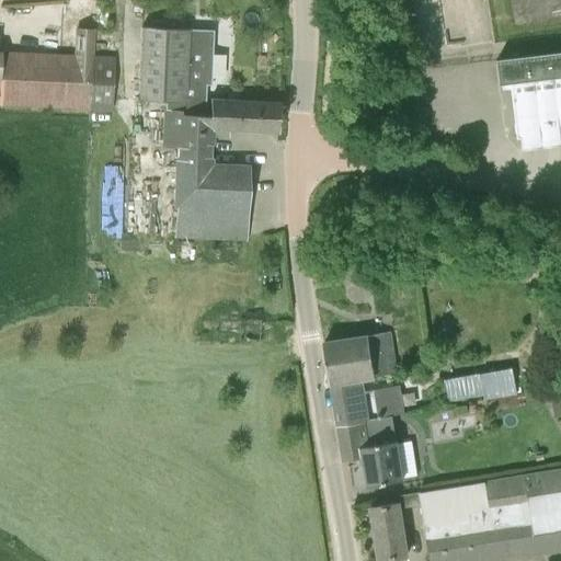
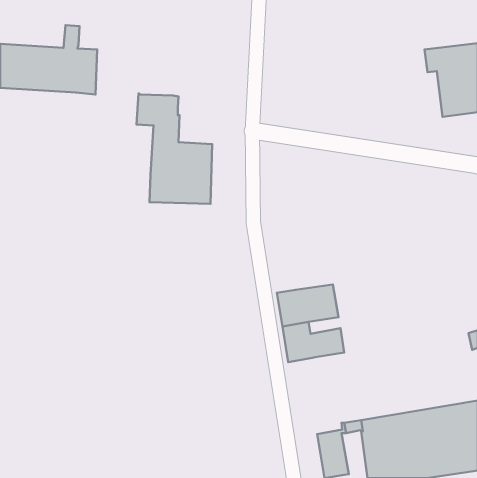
building: [139,27,214,112] -> none
building: [209,100,280,136] -> none
building: [447,370,516,399] -> none
building: [339,420,402,486] -> none

